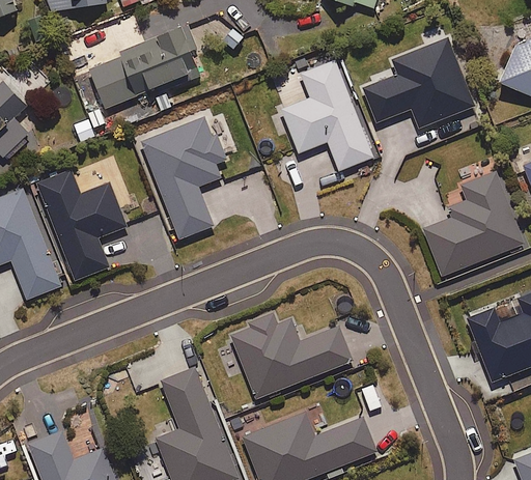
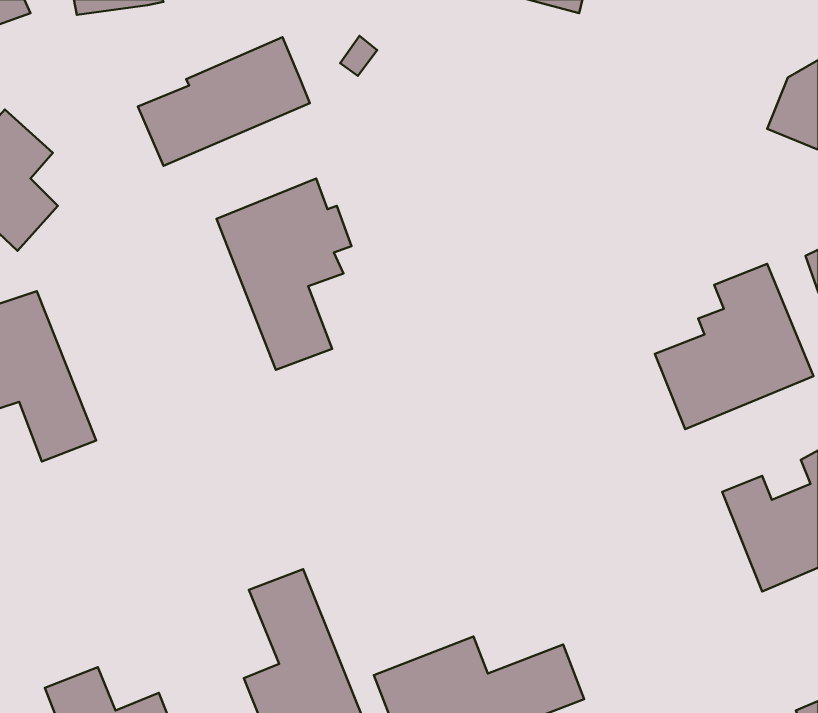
building: [363,37,474,128] -> none
building: [277,59,373,170] -> none
building: [34,170,128,282] -> none
building: [230,314,354,399] -> none

